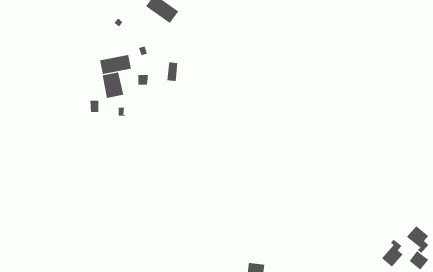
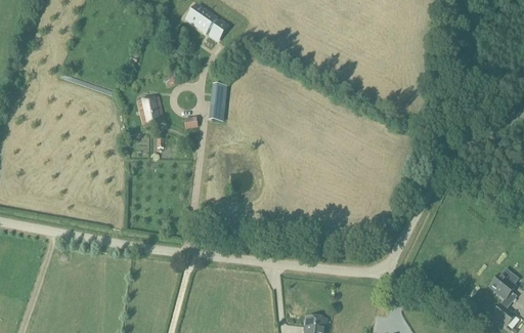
building: [100,54,131,75] -> none
building: [381,239,403,267] -> none

